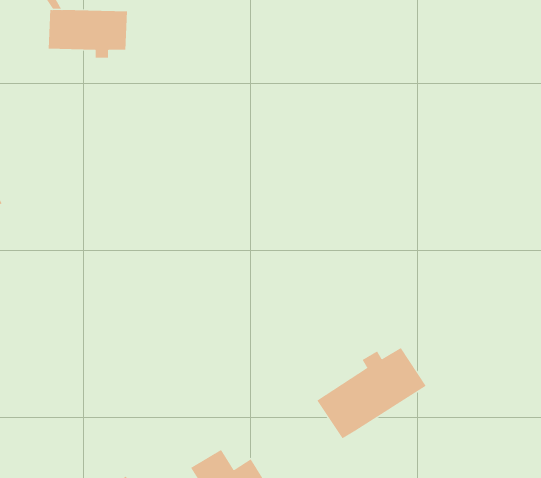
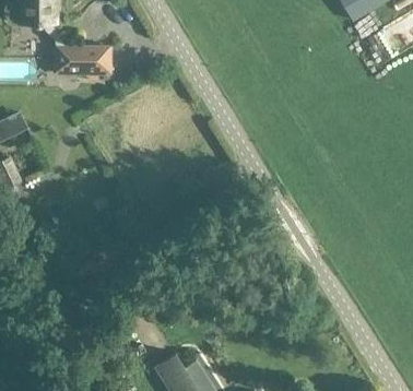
building: [317,347,427,439] -> none

